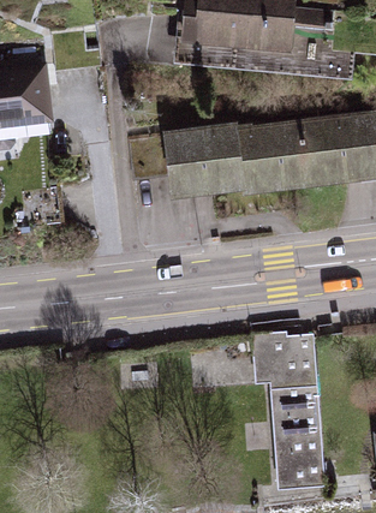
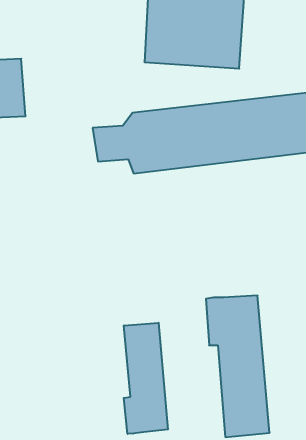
building: none -> [124,323,168,434]

